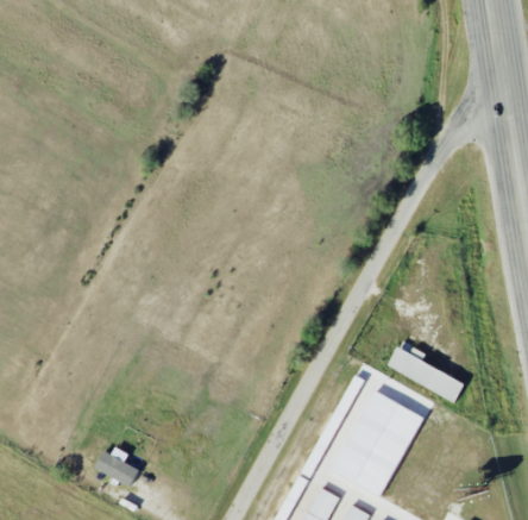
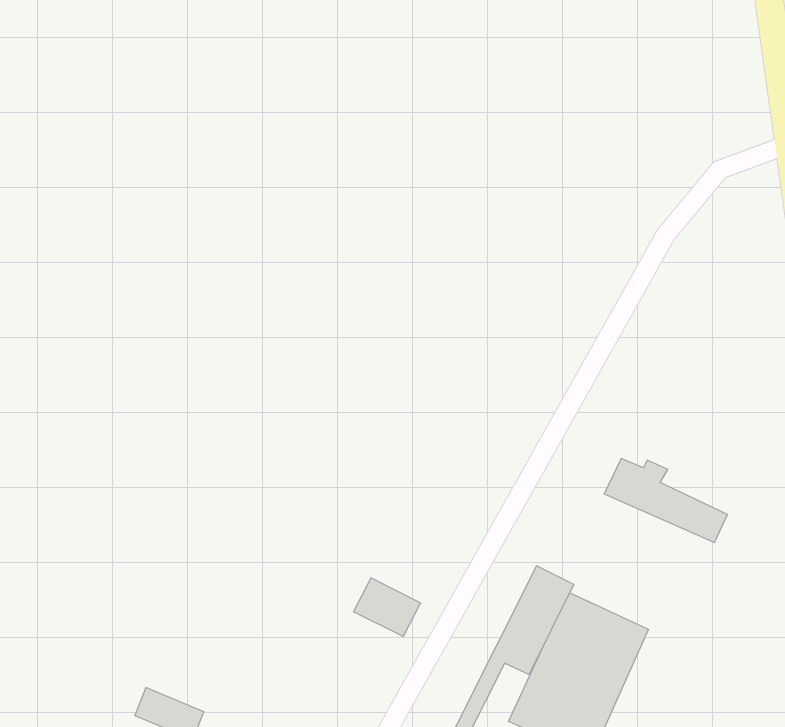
building: [386,346,465,400] -> [604,458,728,542]
building: none -> [354,578,421,637]

